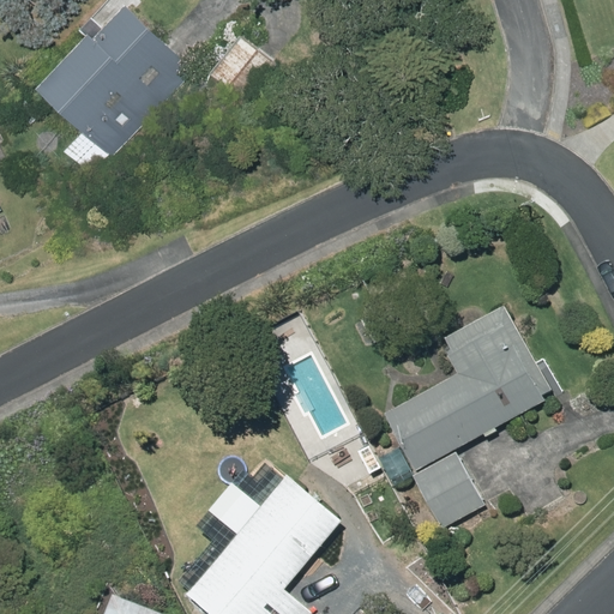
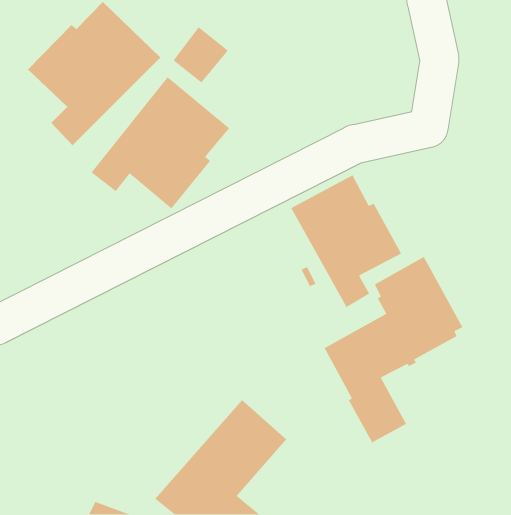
building: none -> [90,76,230,209]
building: none -> [290,174,402,308]

